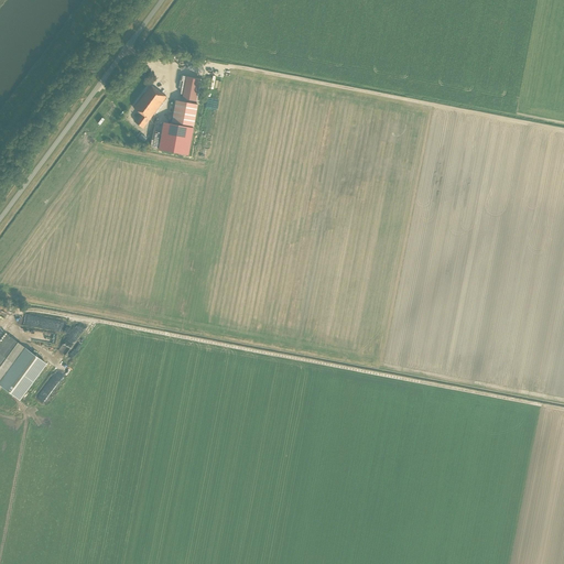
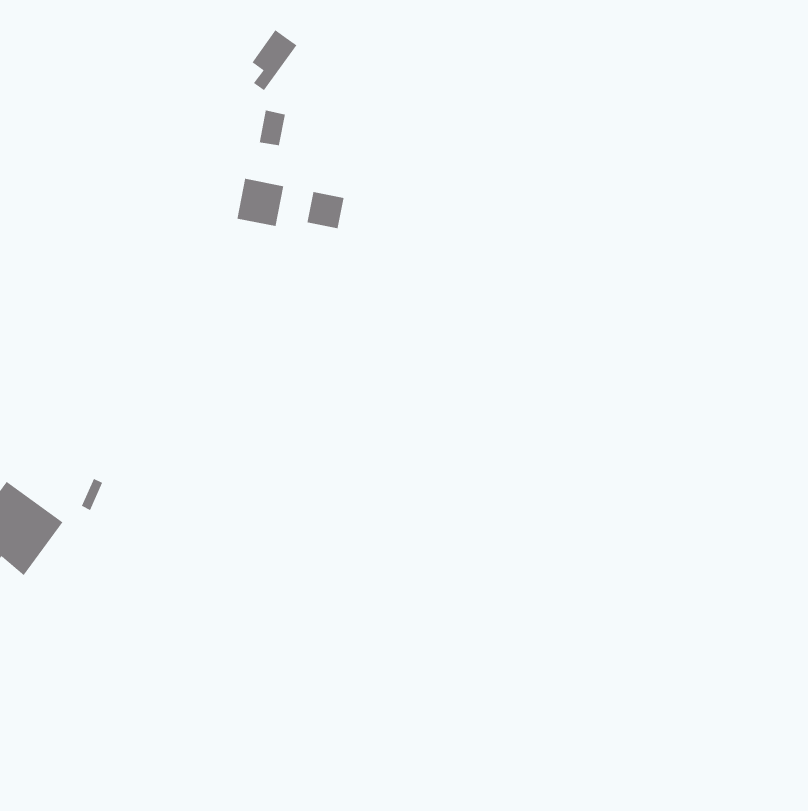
building: [132,86,164,129] -> [251,29,297,91]
building: [170,100,196,127] -> [307,191,345,229]

